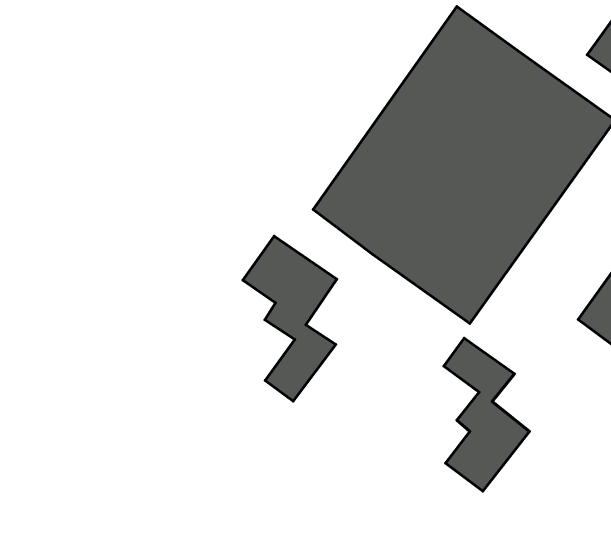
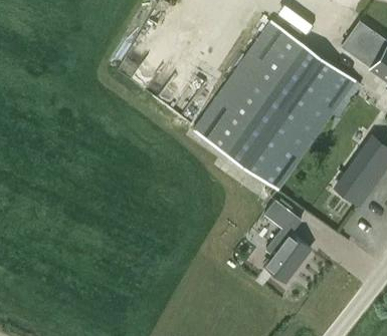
building: [243,236,337,401] -> none

